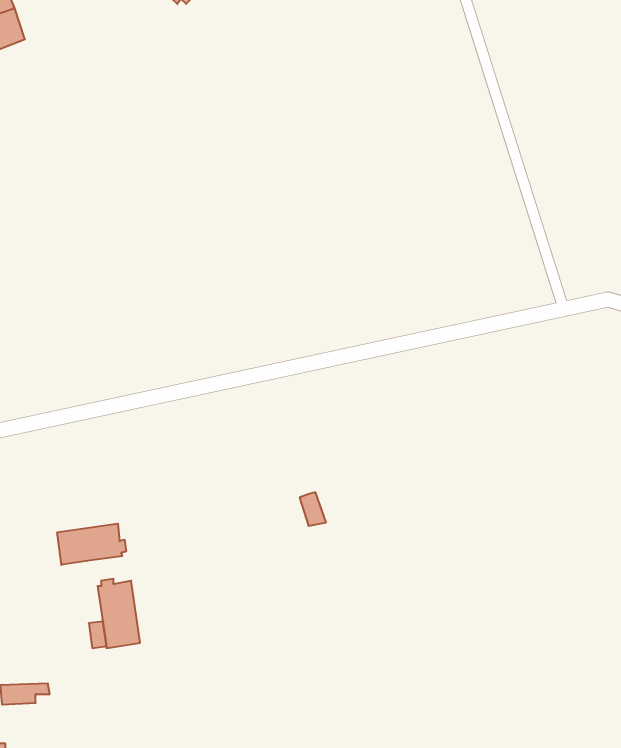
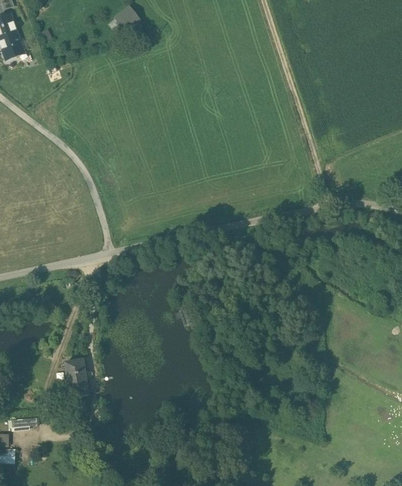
building: [57,524,126,565] -> none

